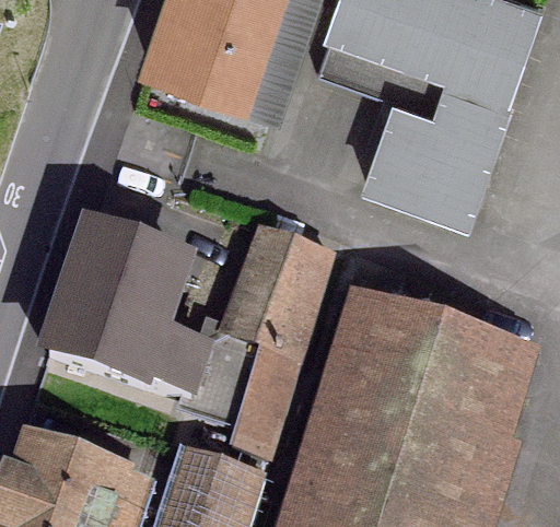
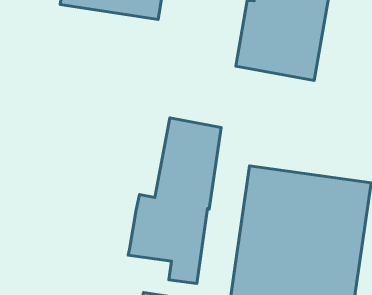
building: [48,234,202,399] -> none

